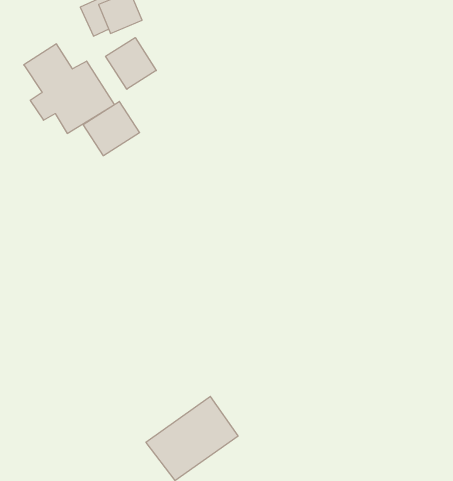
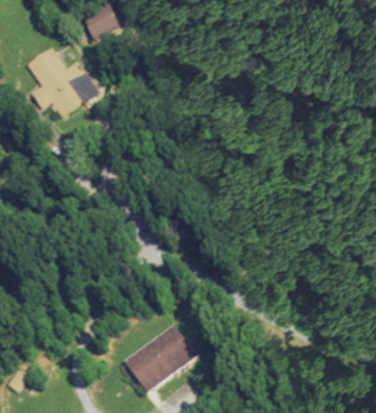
building: [106,38,156,89] -> none
building: [83,101,140,156] -> none

